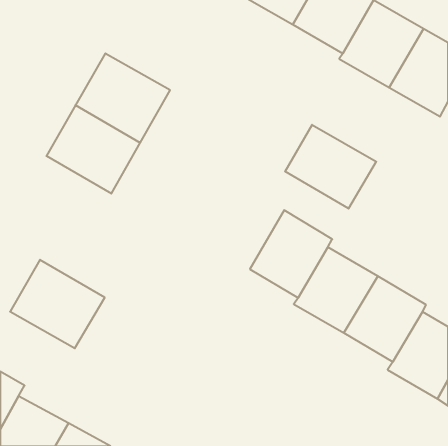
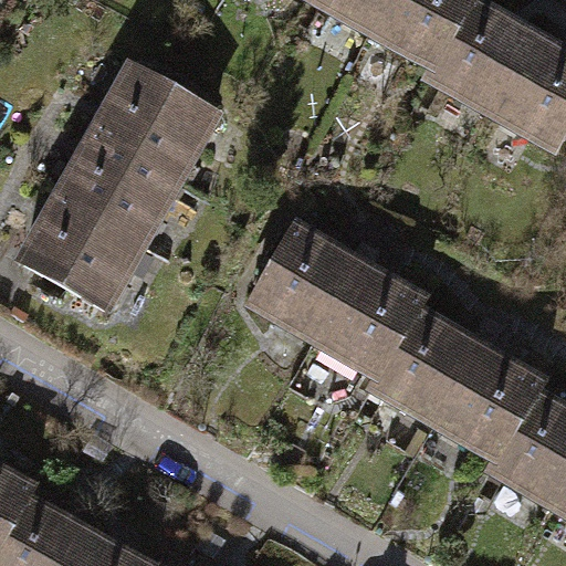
building: [285,125,376,209] -> none
building: none -> [251,228,358,339]
building: [10,260,105,348] -> [21,197,140,308]

